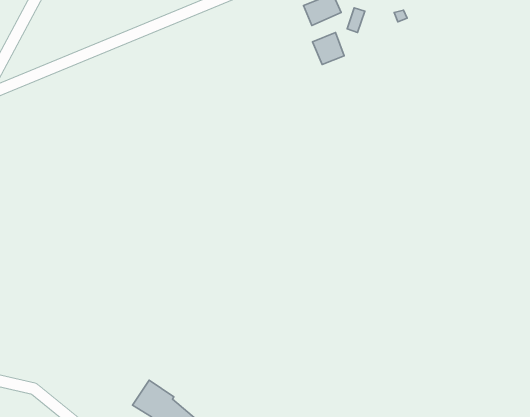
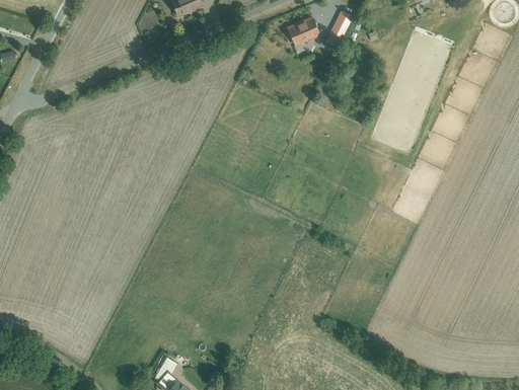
building: [312,32,344,65] -> none

